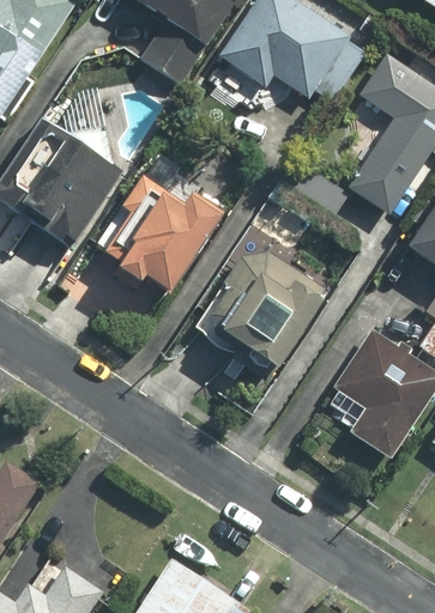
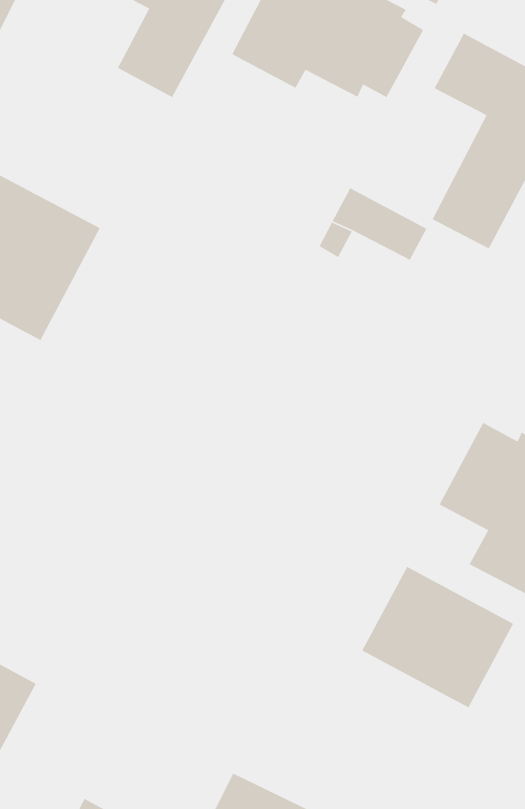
building: [107,176,224,292] -> none
building: [212,250,322,383] -> none
building: none -> [361,566,514,708]

